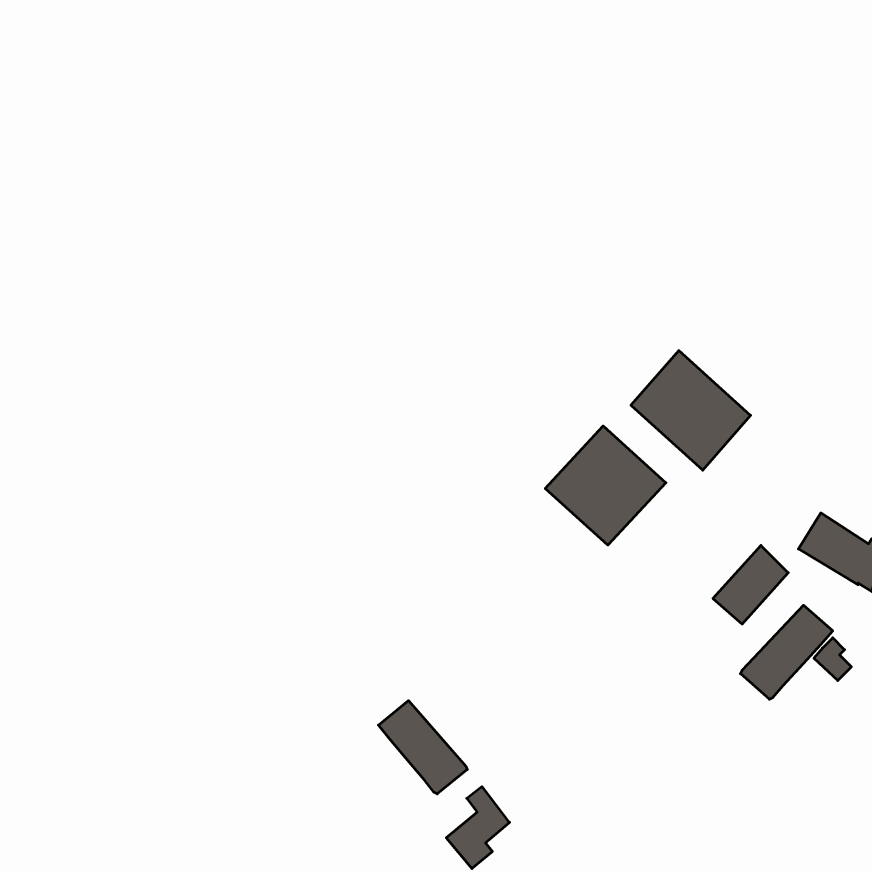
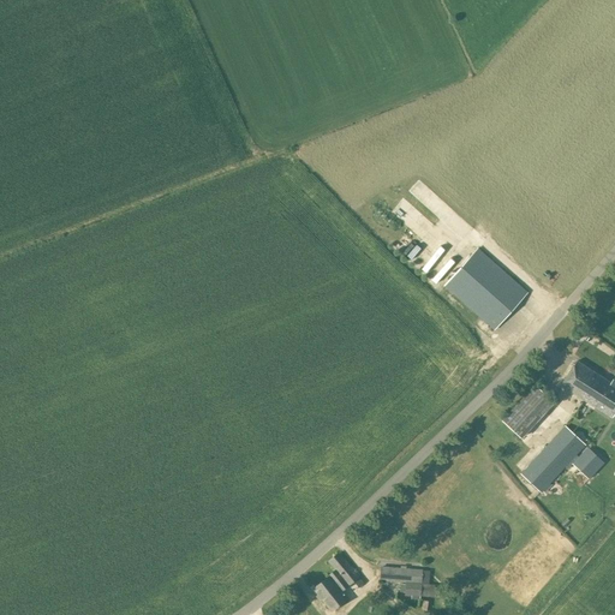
building: [545,426,666,545] -> none
building: [378,701,467,794] -> none
building: none -> [381,566,436,598]

